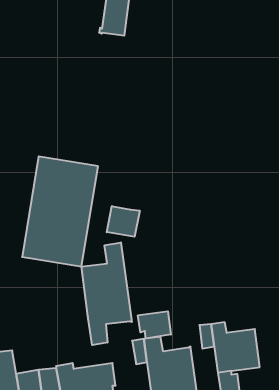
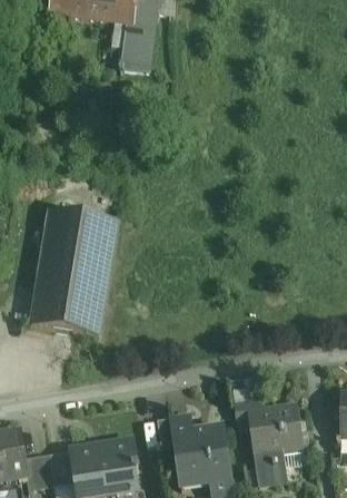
building: [107,206,140,237] -> none
building: [81,242,132,345] -> none
building: [138,311,171,339] -> none

